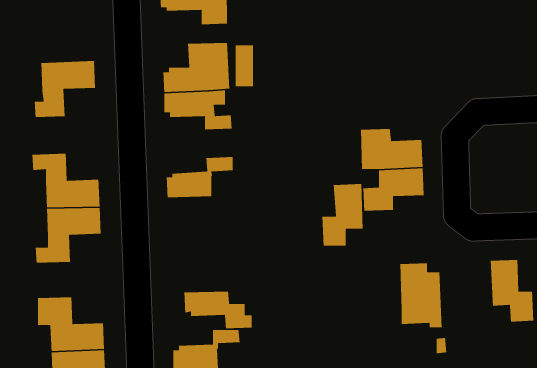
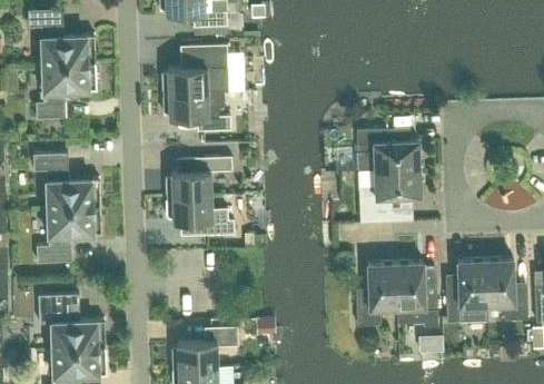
building: none -> [28,10,95,65]
building: [322,183,363,247] -> [355,263,396,325]
building: none -> [445,259,486,323]
building: [184,291,252,329] -> [166,197,234,235]

